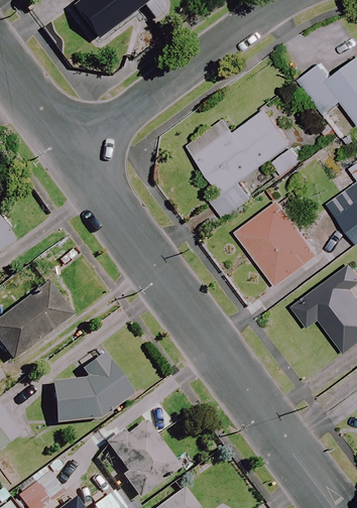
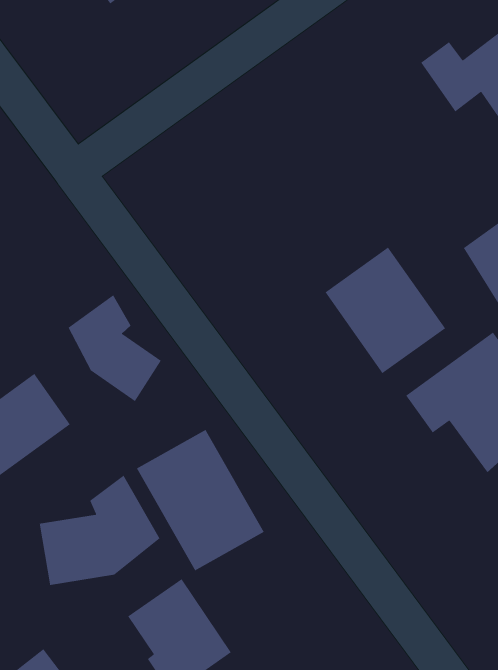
building: [192,108,306,217] -> none
building: none -> [68,294,162,402]
building: none -> [136,429,265,572]

